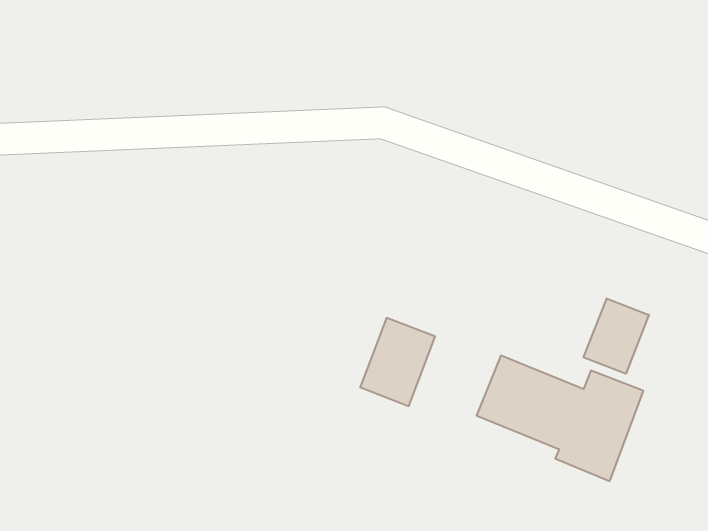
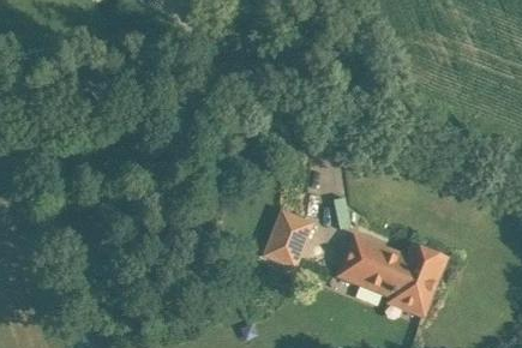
building: [583,298,649,374] -> none

